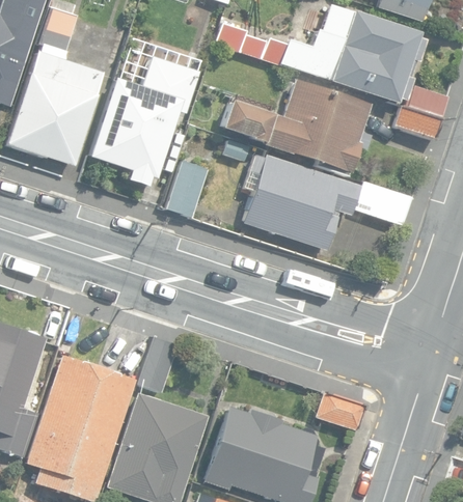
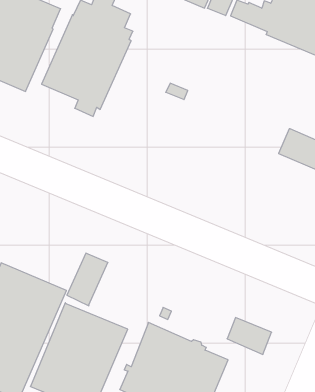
building: [221,79,372,172] -> none
building: [243,154,360,250] -> none
building: [167,158,211,217] -> none

